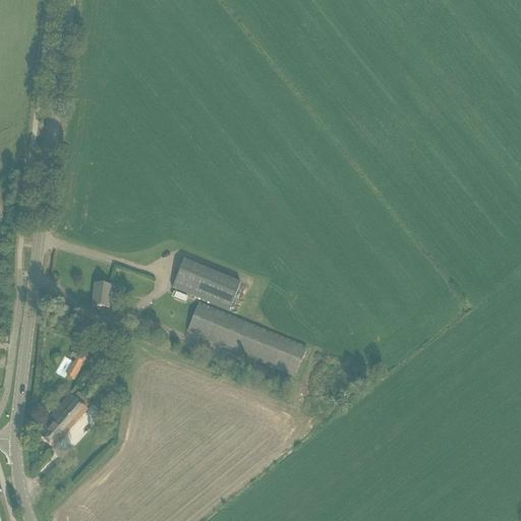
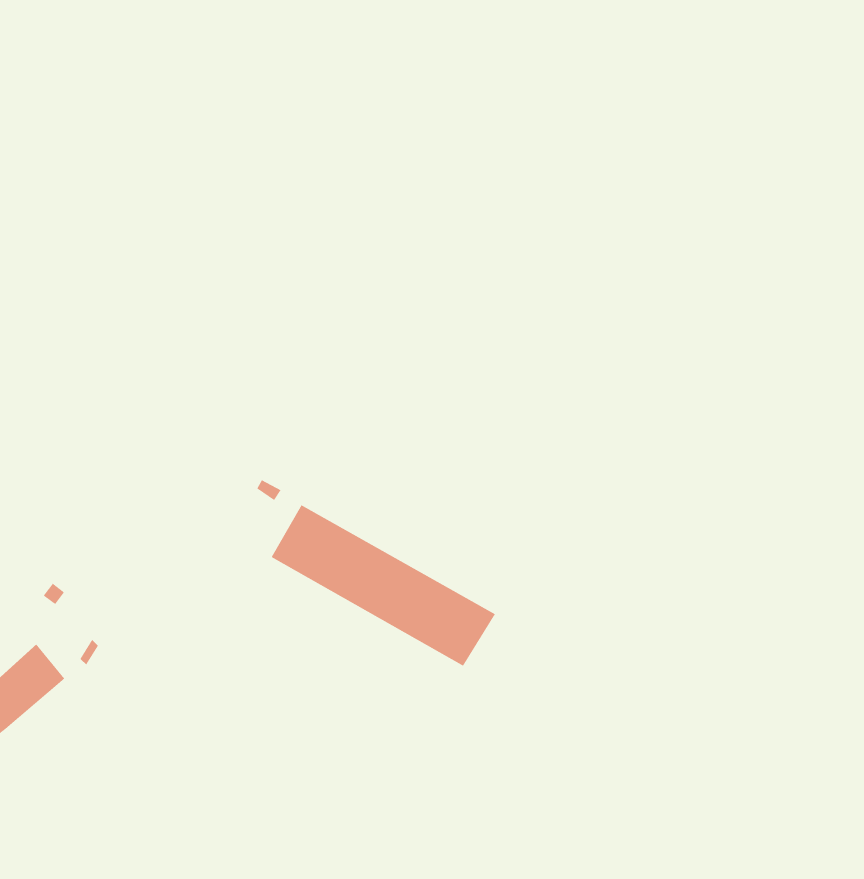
building: [172,257,240,309] -> none
building: [92,281,117,309] -> none

